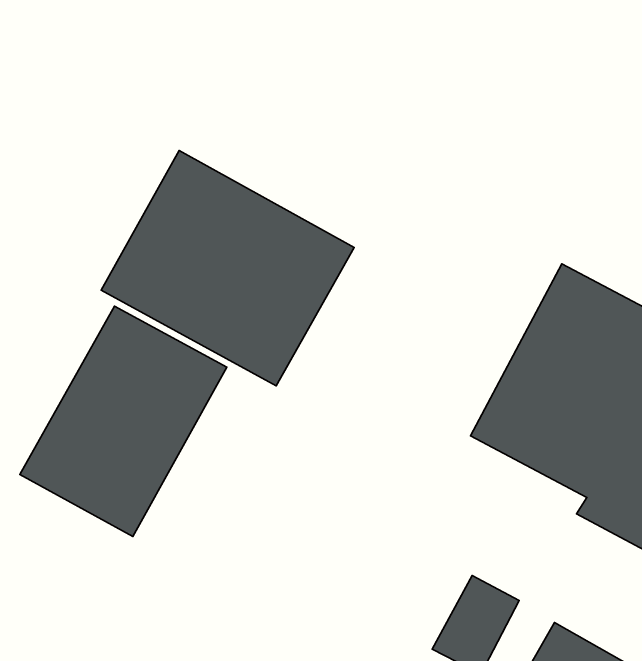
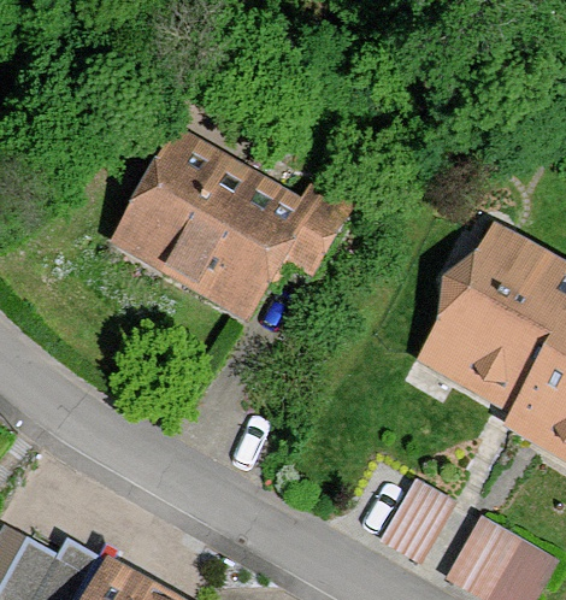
building: [20,306,227,537] -> none

